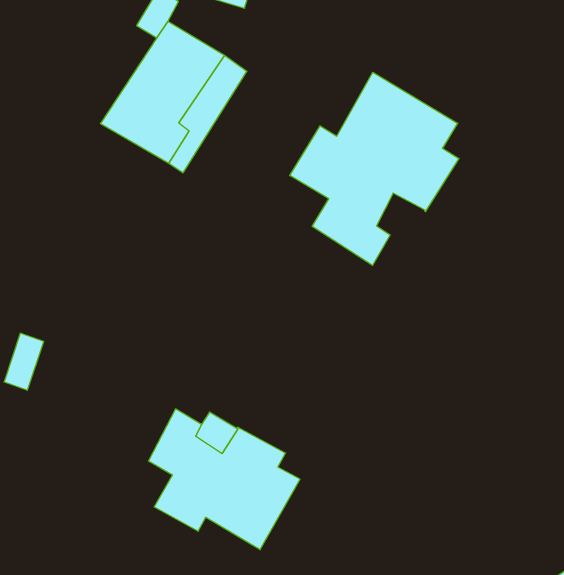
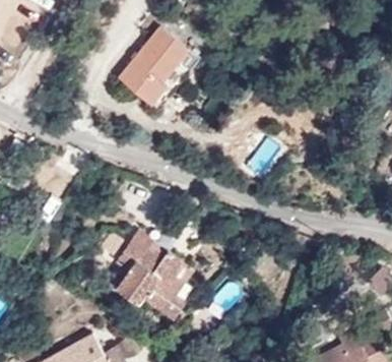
building: [290,72,459,265] -> none

